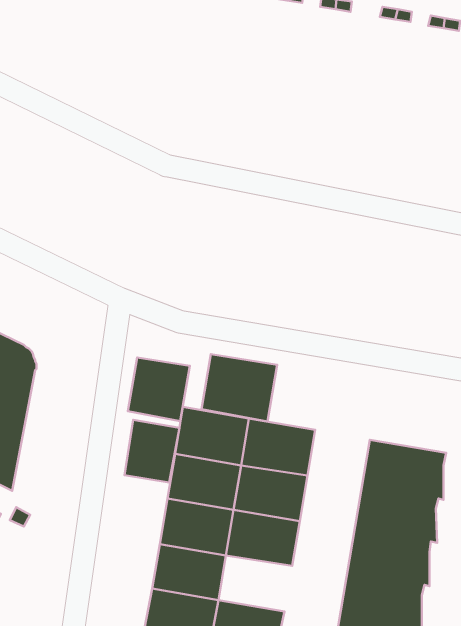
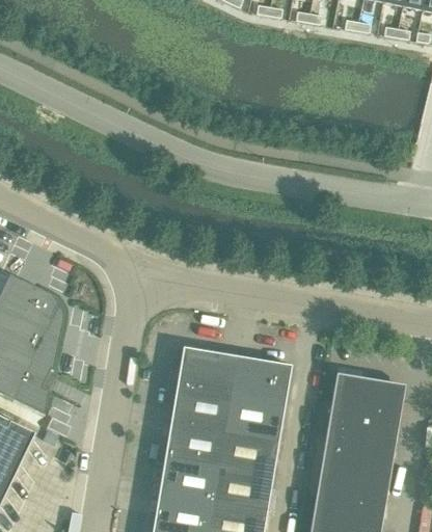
building: [201,354,277,422] -> none
building: [128,357,190,421] -> none
building: [124,420,179,483] -> none
building: none -> [212,469,272,514]

